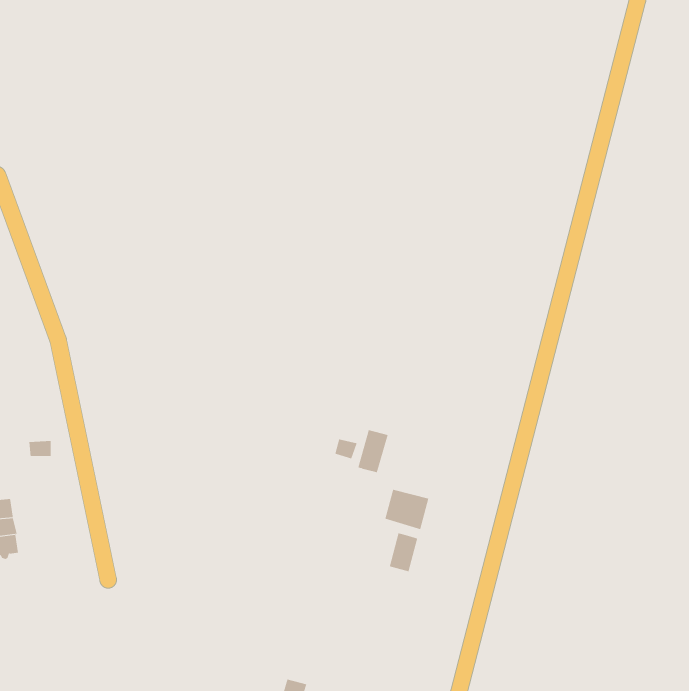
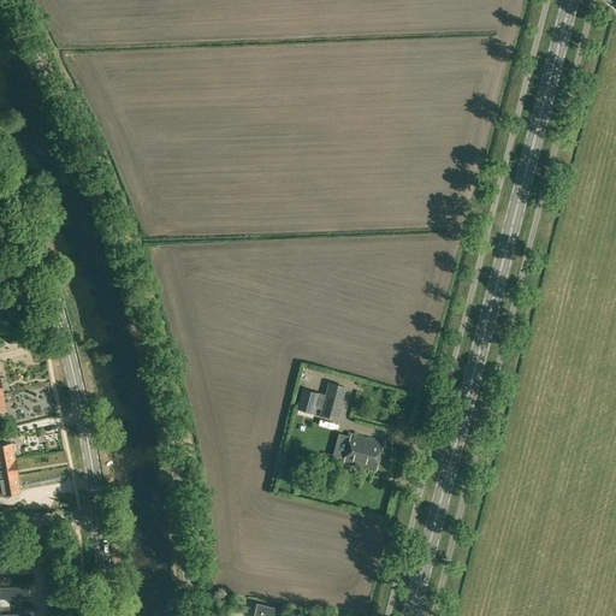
building: [389,533,418,572] -> none

